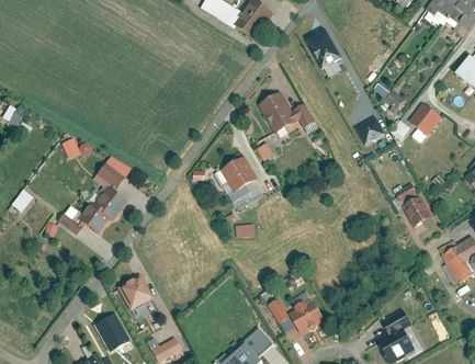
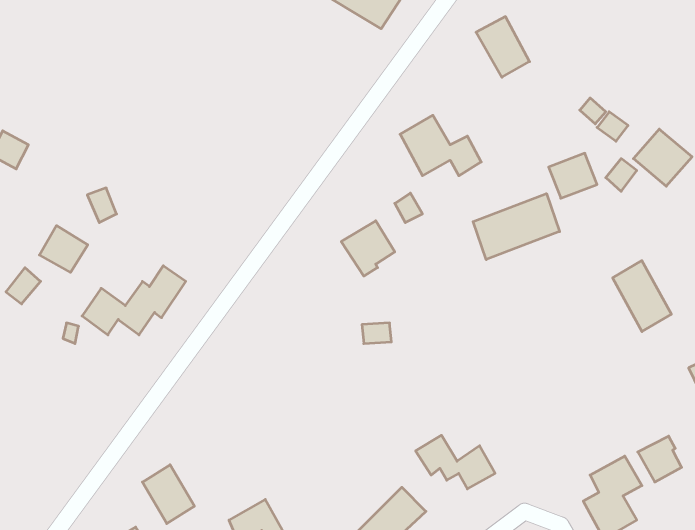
building: none -> [473,194,560,260]
building: [91,157,122,186] -> [39,226,88,272]
building: [114,276,147,308] -> none
building: none -> [638,436,682,482]

